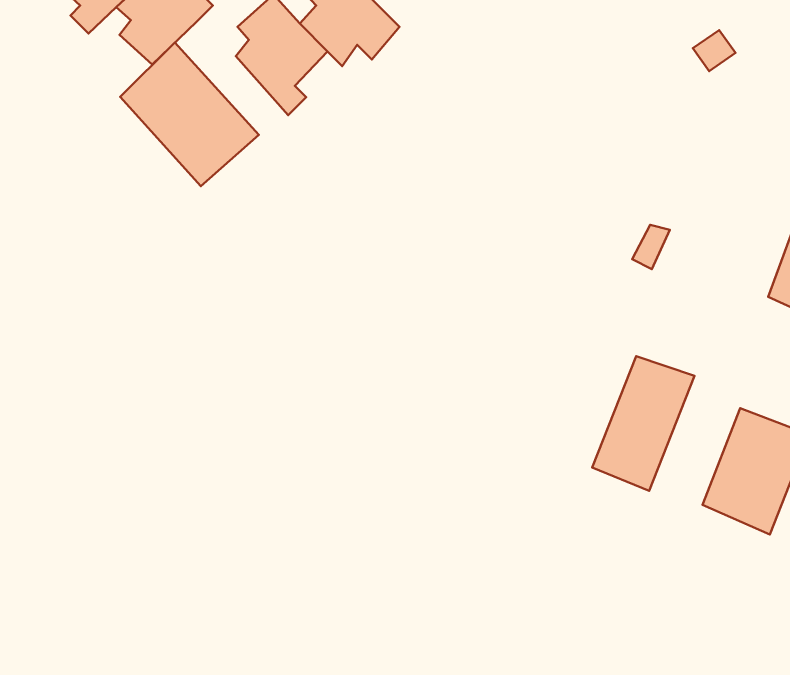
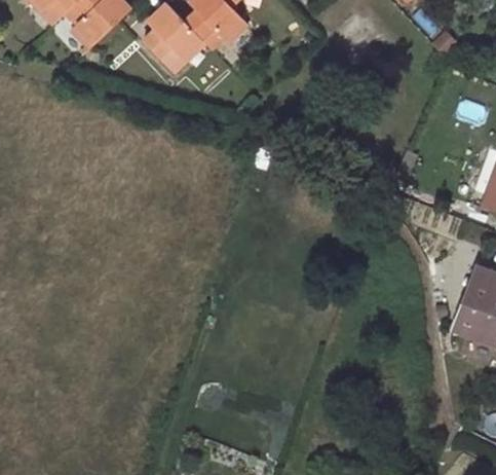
building: [120,43,259,186] -> none
building: [592,356,694,491] -> none

